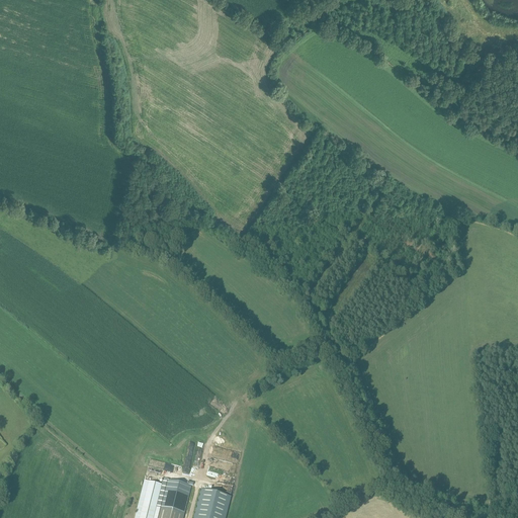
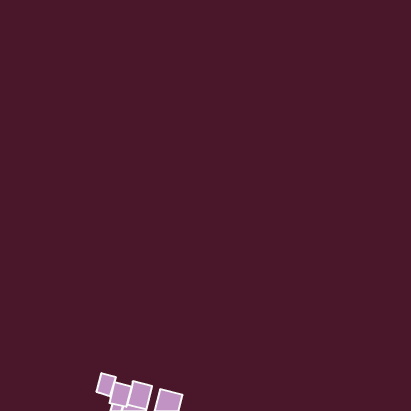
building: none -> [97,373,116,396]

